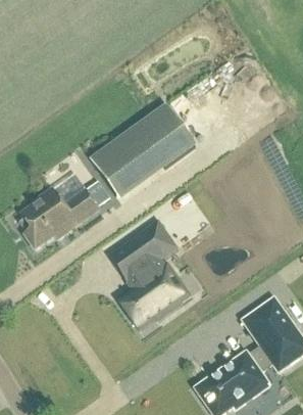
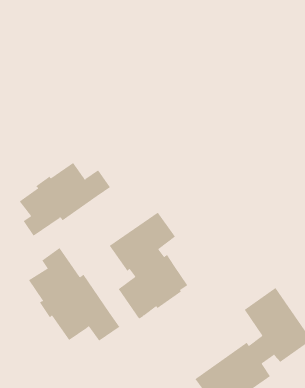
building: [89,103,196,201] -> none
building: none -> [28,247,120,342]

